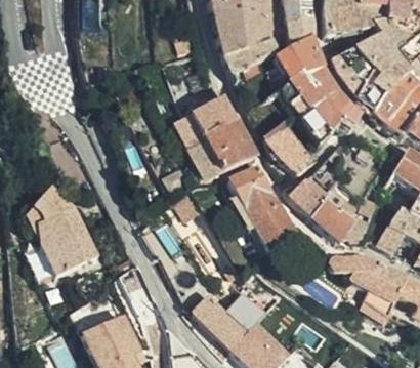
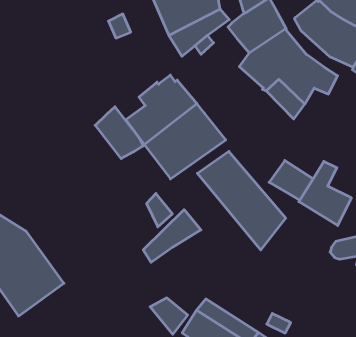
building: none -> [95,107,143,159]
building: [263,125,312,174] -> none
building: none -> [143,210,201,262]

